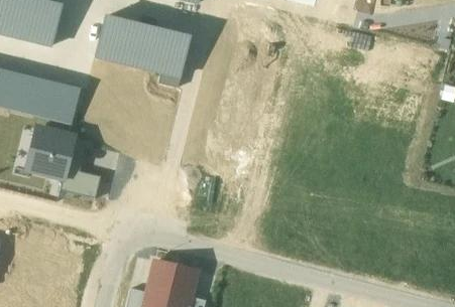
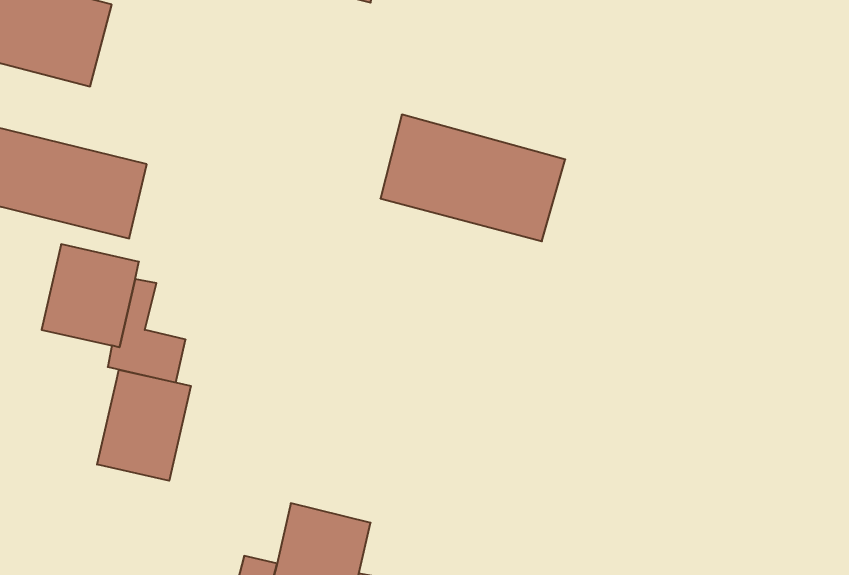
building: [94,13,190,79] -> [380,115,565,241]
building: none -> [97,370,191,481]

